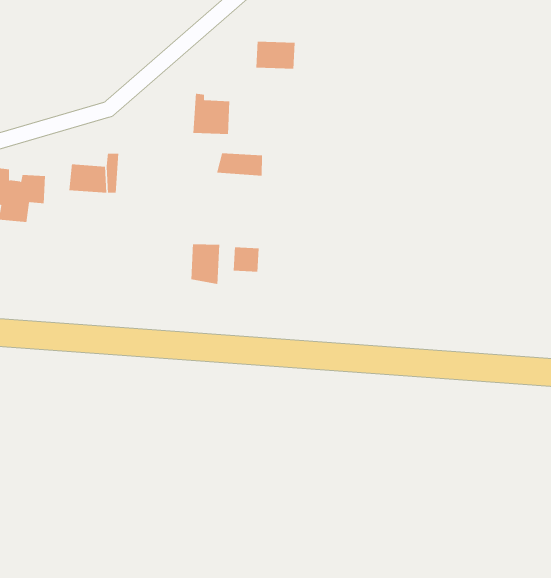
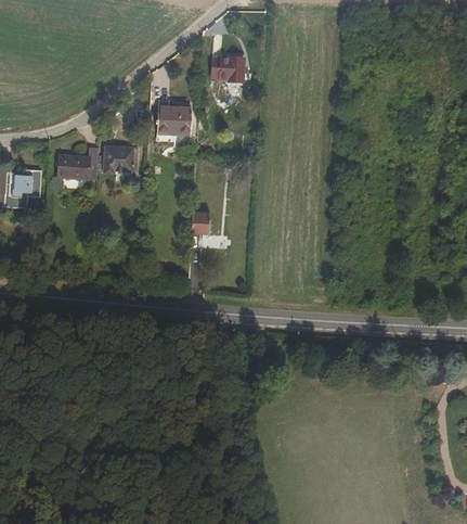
building: none -> [104,143,132,169]
building: [217,152,263,176] -> none
building: [191,243,220,285] -> none

